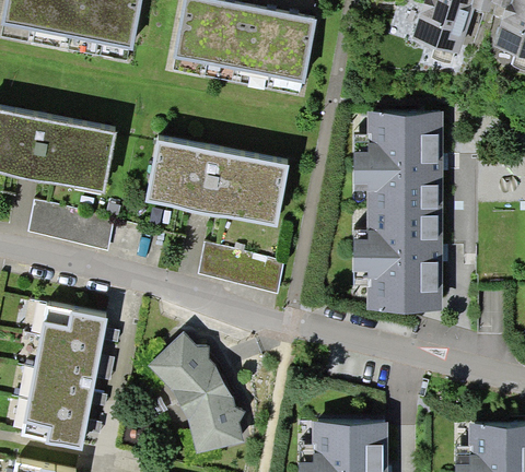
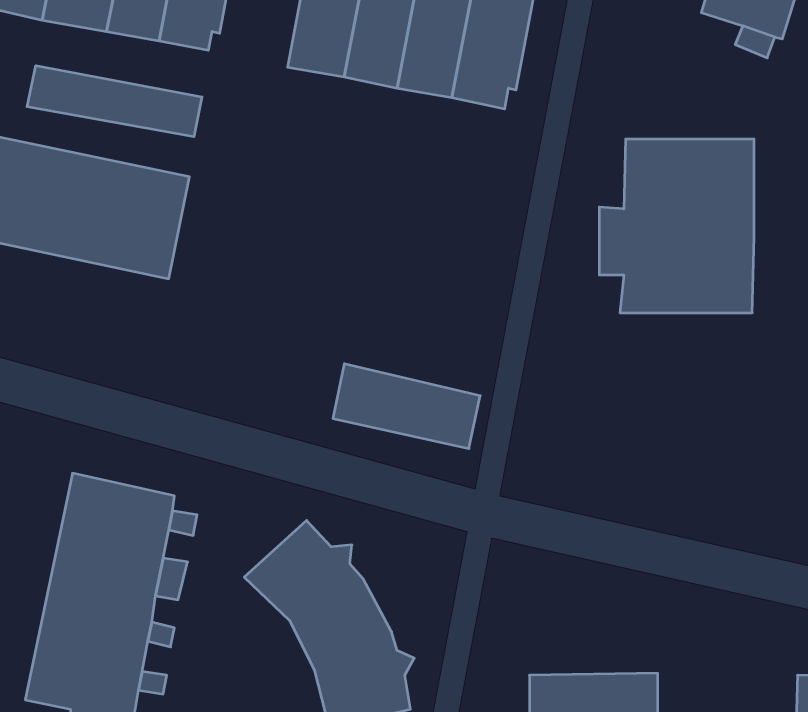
building: none -> [27,66,202,137]
building: [144,141,288,226] -> none
building: [27,199,115,249] -> none
building: [350,212,441,311] -> none

